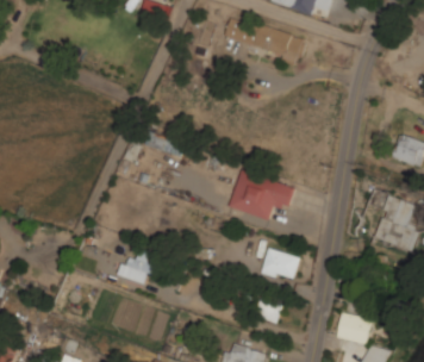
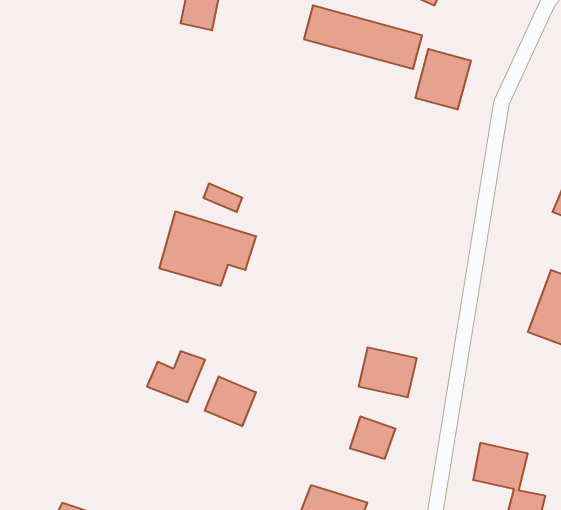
building: none -> [415,49,471,110]
building: [229,170,294,220] -> [159,212,256,286]
building: none -> [205,376,256,426]

